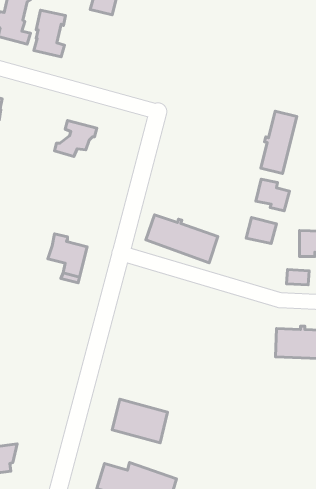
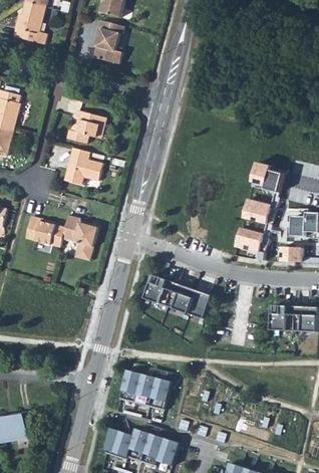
building: [34,10,66,57] -> [93,19,122,62]
building: [261,111,297,174] -> none
building: none -> [64,151,103,187]
building: [146,215,218,263] -> [144,274,211,318]
building: none -> [25,216,64,247]
building: none -> [236,231,264,255]

